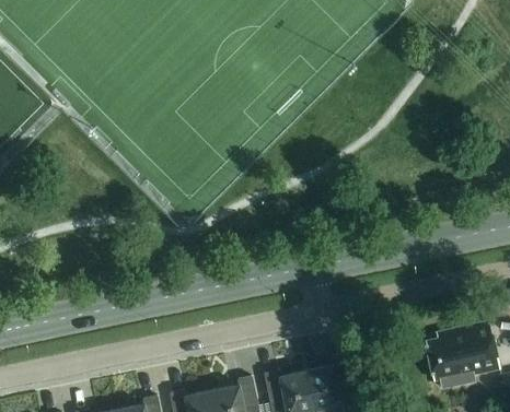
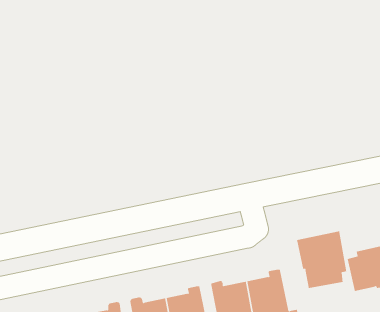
building: none -> [296,231,347,289]

